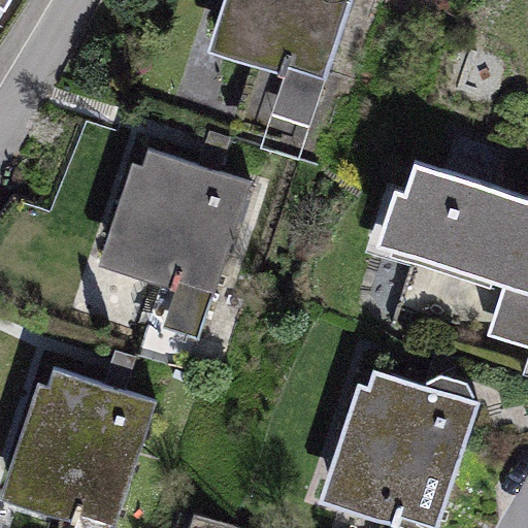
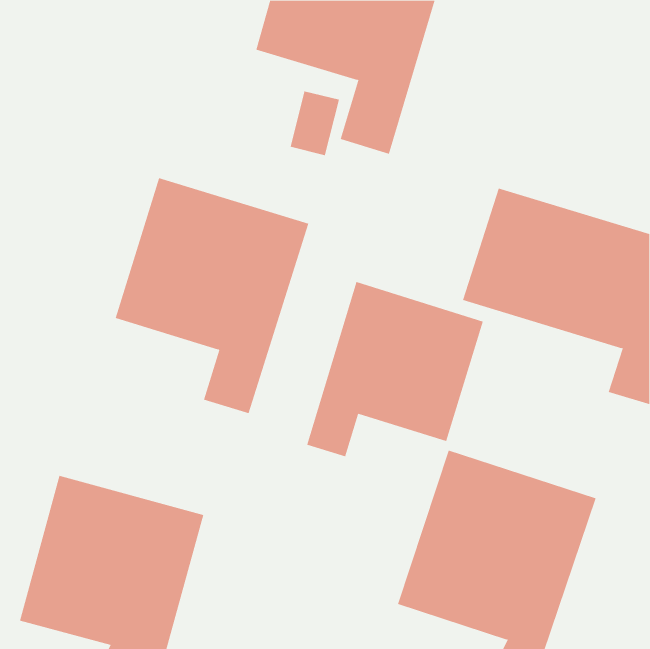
building: none -> [306,281,484,457]

